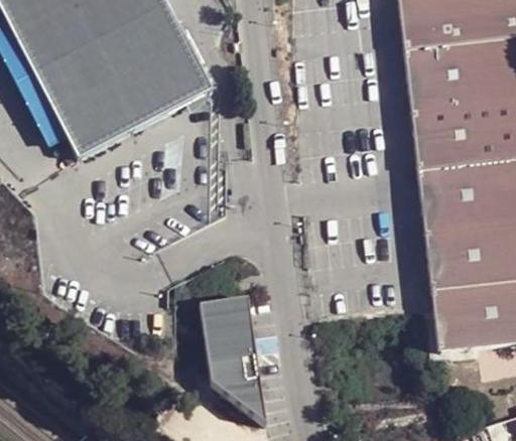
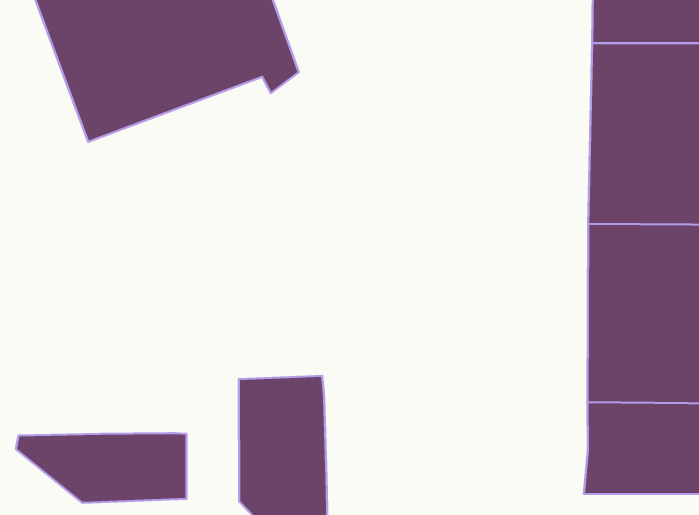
building: none -> [16,433,187,503]

